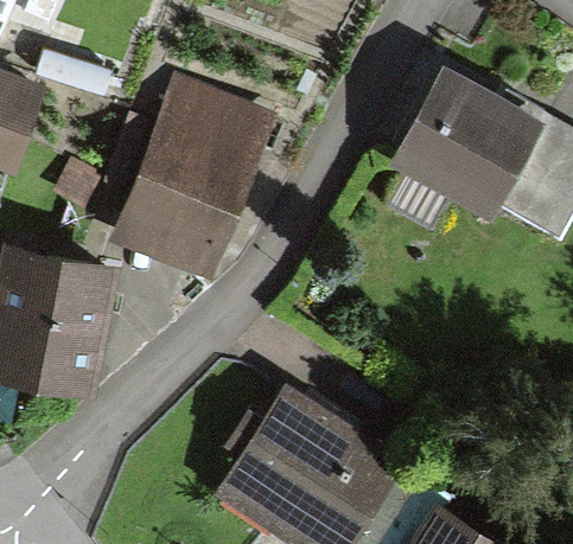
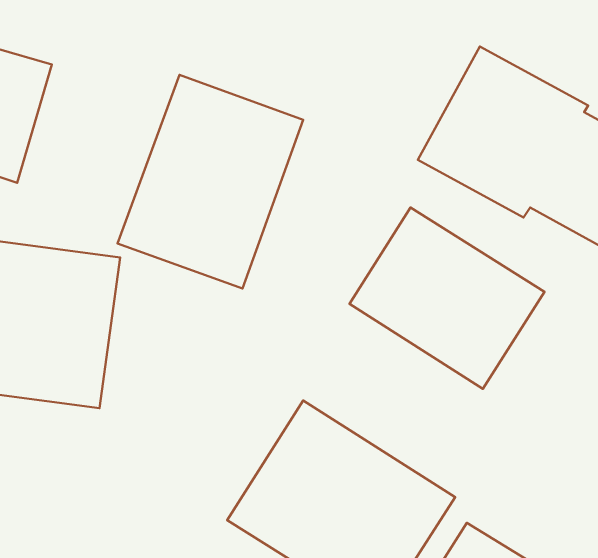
building: none -> [350,208,544,389]

